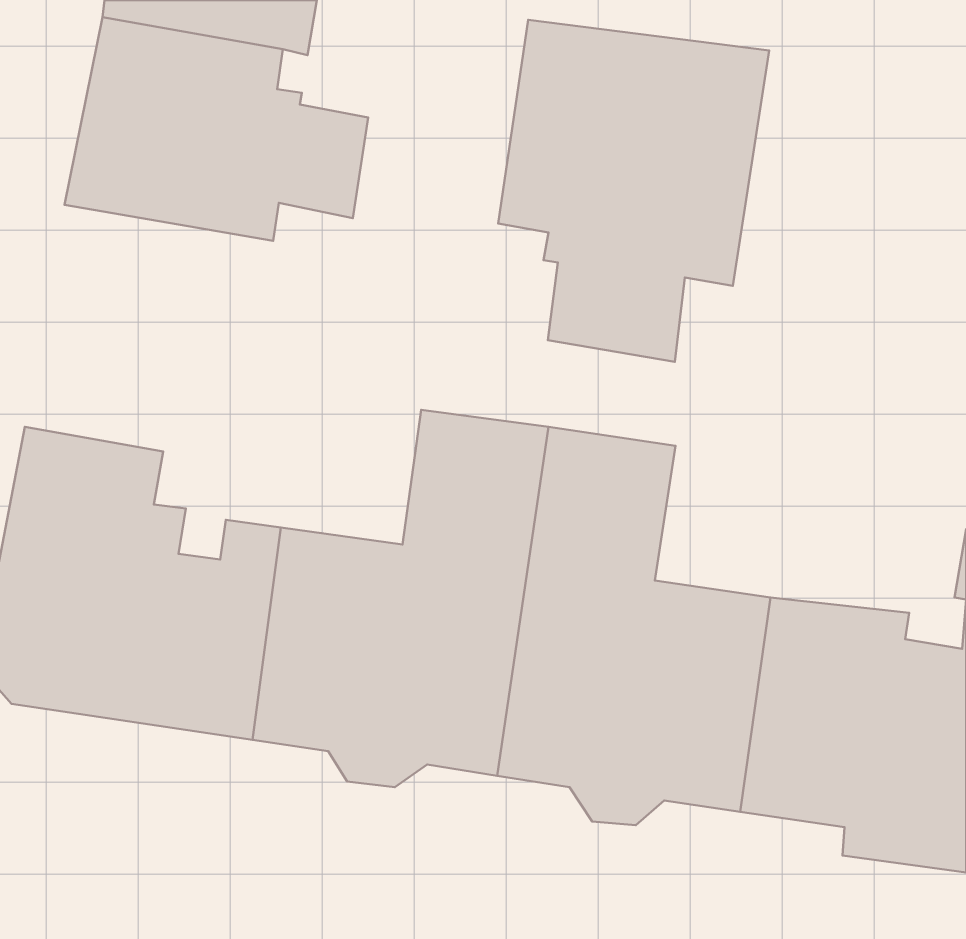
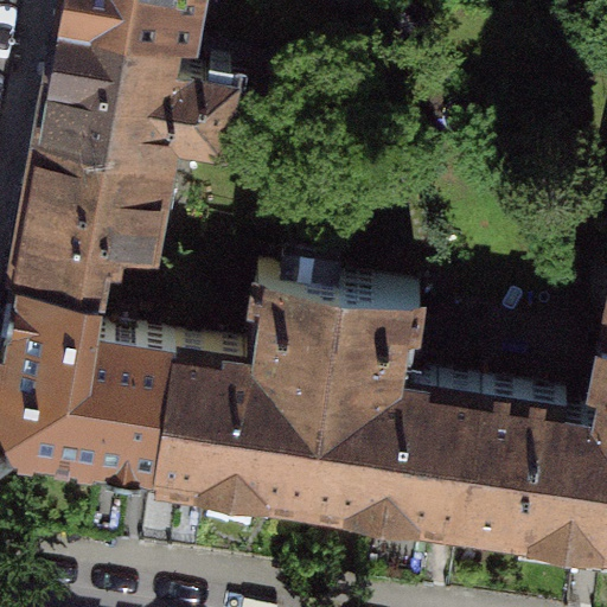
building: [498,20,769,362] -> none
building: none -> [15,147,171,301]

